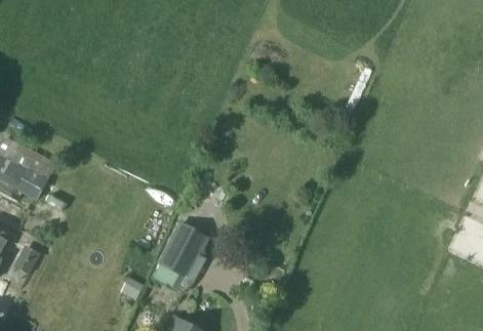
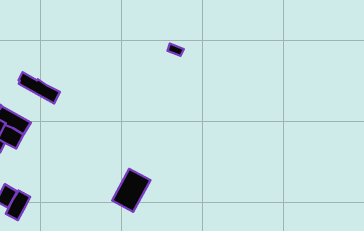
building: none -> [19,72,60,104]
building: none -> [6,191,30,220]

